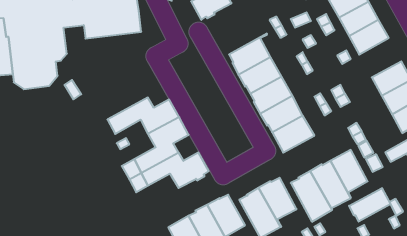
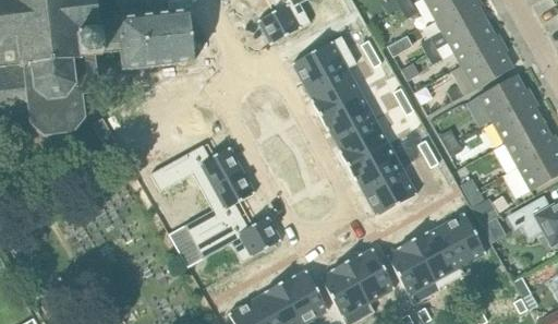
building: none -> [291,35,355,88]
building: none -> [477,73,529,118]
building: [349,188,390,222] -> none

